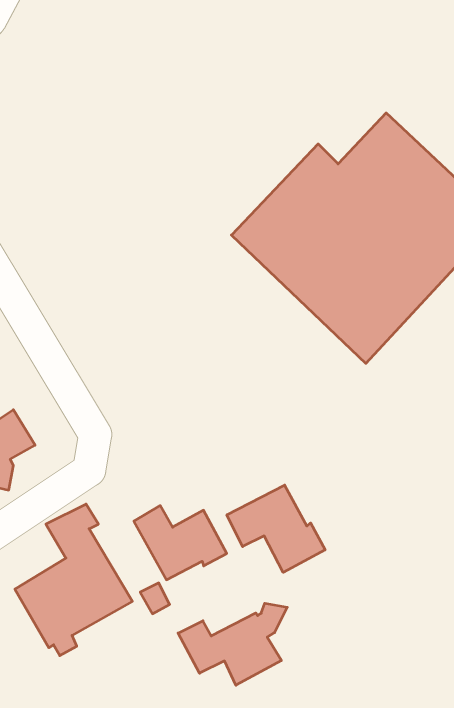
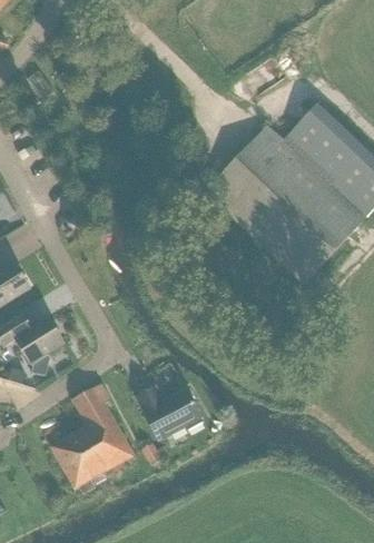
building: [227,485,325,572] -> none
building: [178,603,287,685] -> none

